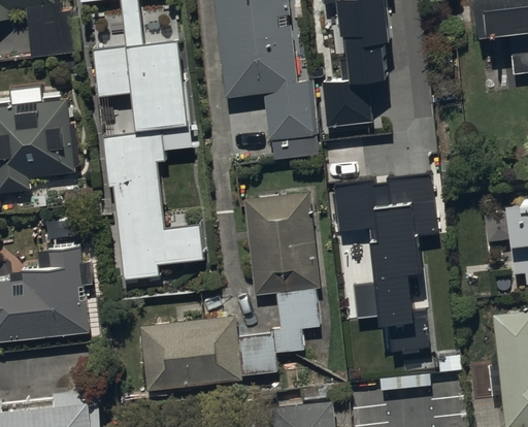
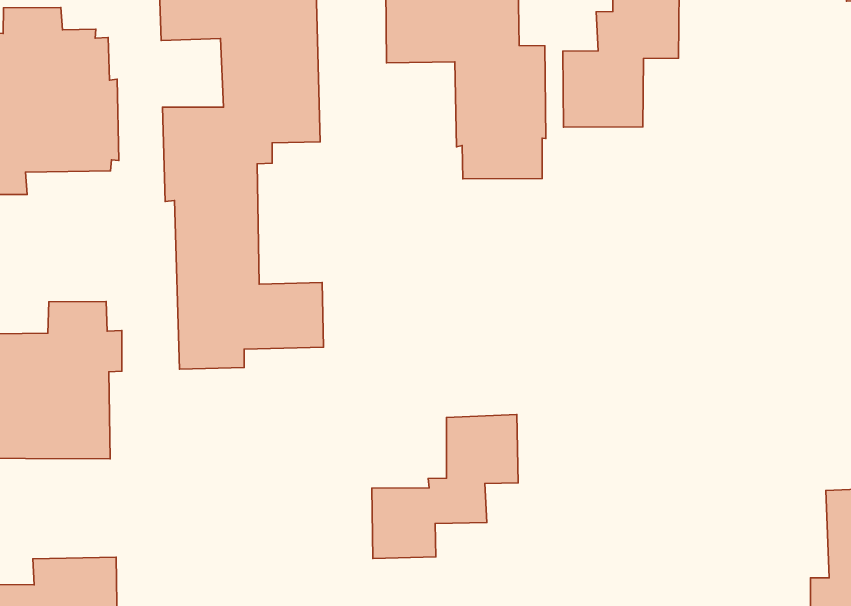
building: [334,172,437,355] -> none
building: [242,191,320,295] -> none
building: [138,315,241,391] -> none

